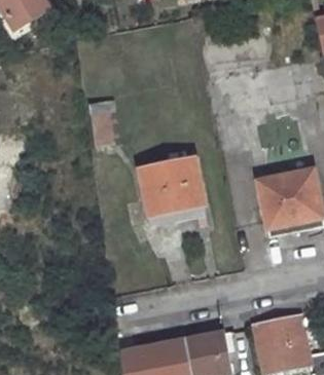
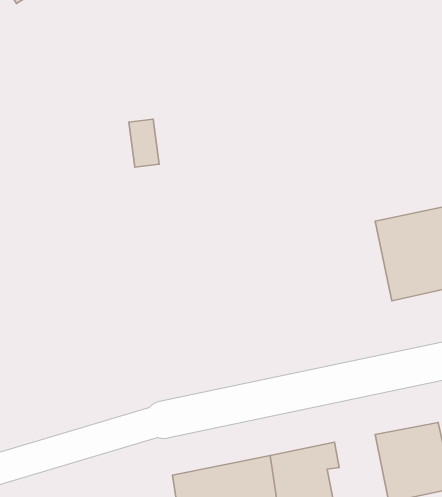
building: [139,157,205,225] -> none

